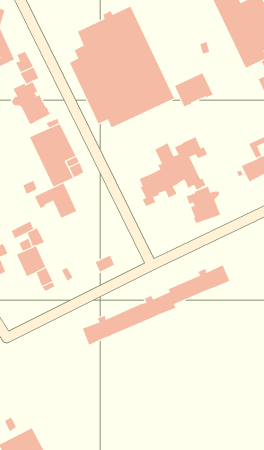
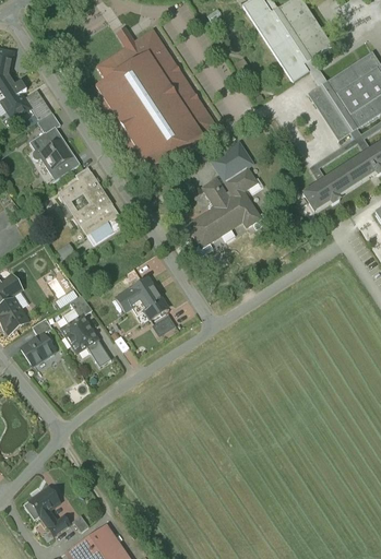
building: [174,72,213,107] -> [210,139,255,181]
building: [34,182,77,218] -> [116,276,167,318]
building: [186,186,221,224] -> none
building: [82,265,230,345] -> none

